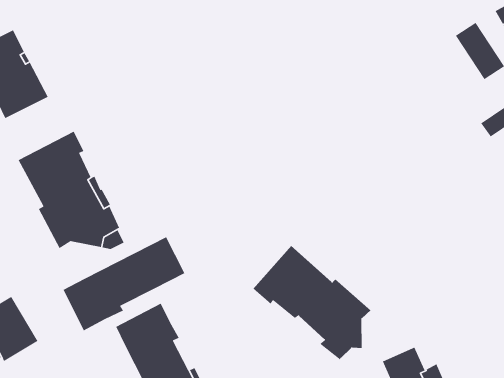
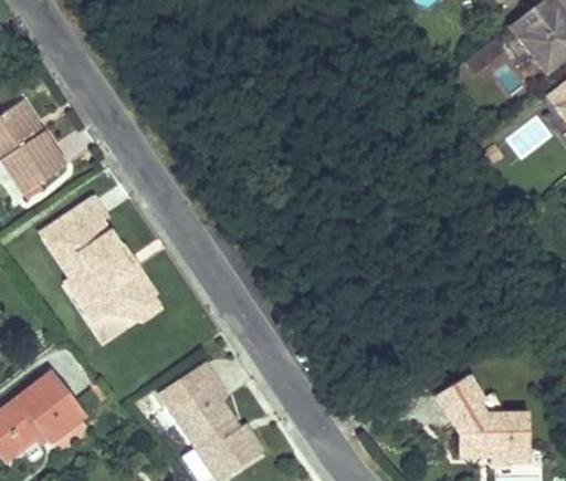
building: [63,236,185,331] -> none
building: [252,245,372,360] -> none

